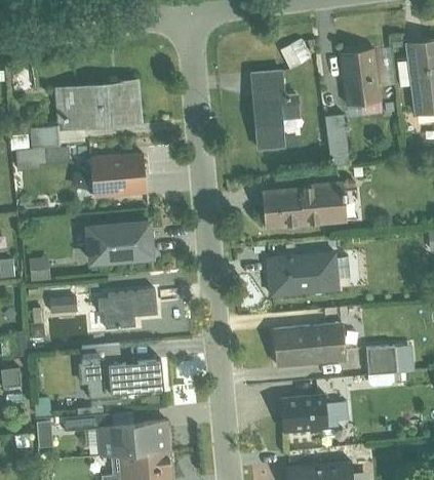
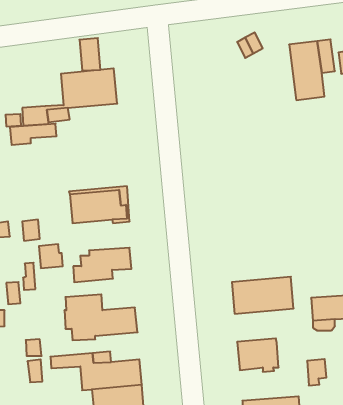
building: [251,72,302,150] -> none
building: [53,87,78,125] -> [79,38,101,71]
building: [325,115,350,167] -> none
building: [90,155,147,196] -> none
building: [262,179,356,228] -> none
building: [268,253,340,296] -> none
building: [326,399,349,430] -> [307,359,326,385]

